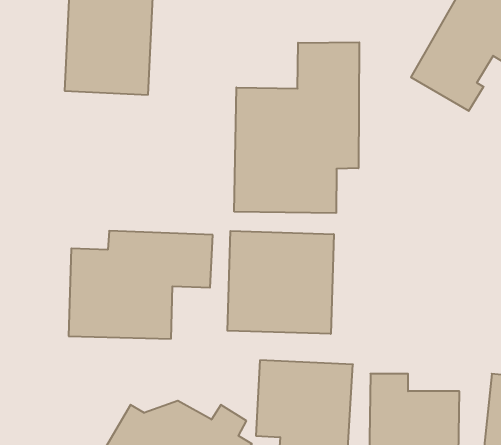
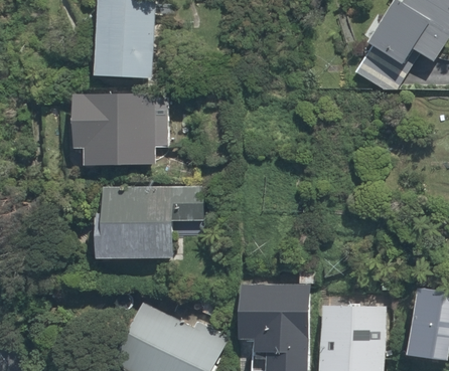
building: [234,42,359,213] -> none
building: none -> [64,95,176,166]
building: [227,231,334,334] -> none

